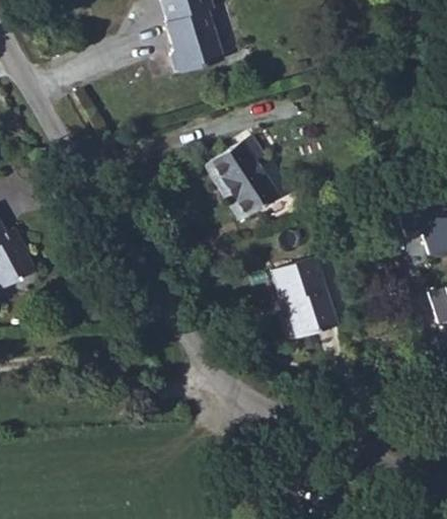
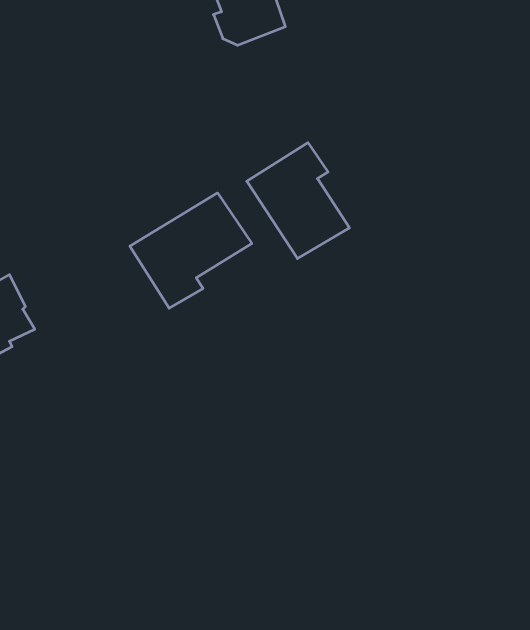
building: none -> [130,193,252,308]
building: [270,264,336,344] -> none

